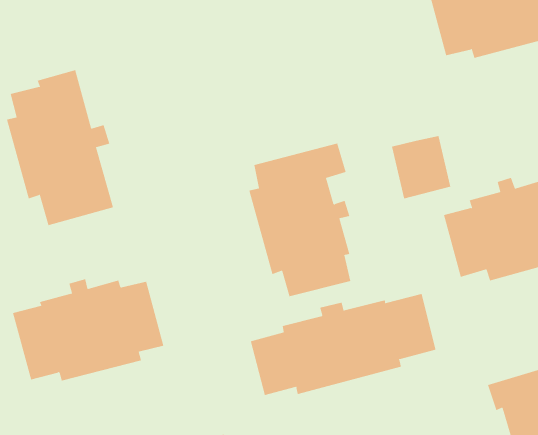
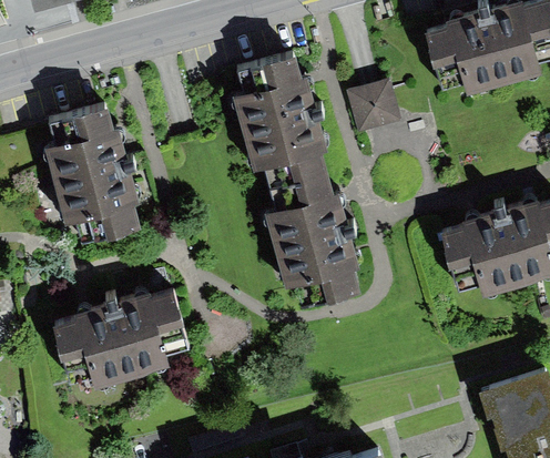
building: none -> [233,49,346,186]
building: [391,136,451,199] -> [345,81,399,139]
building: [250,293,436,396] -> none

